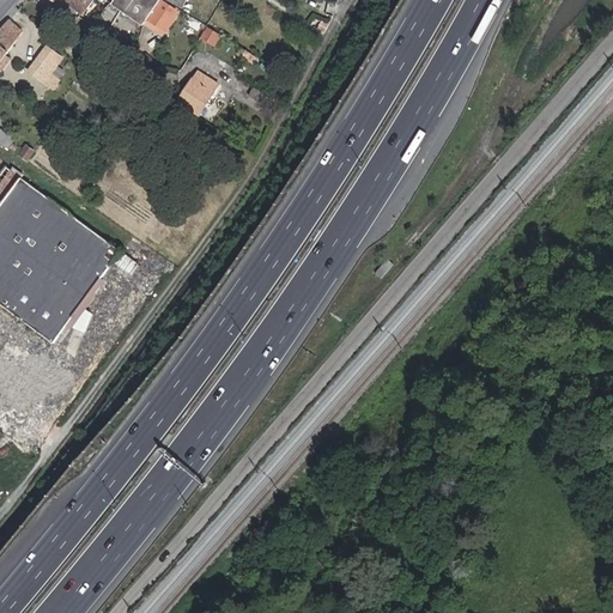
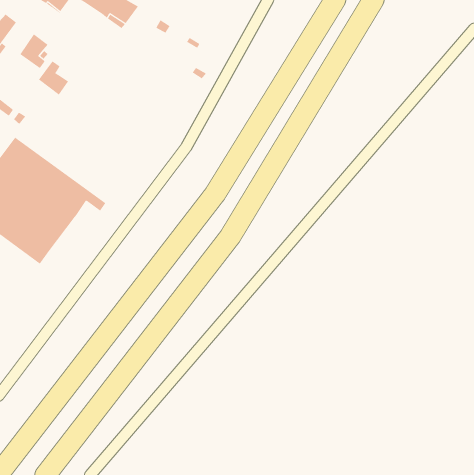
building: [176,69,217,114] -> none
building: none -> [38,60,69,95]

